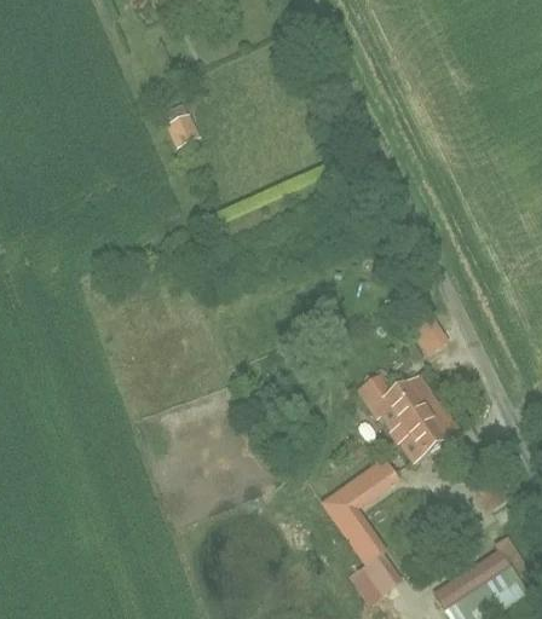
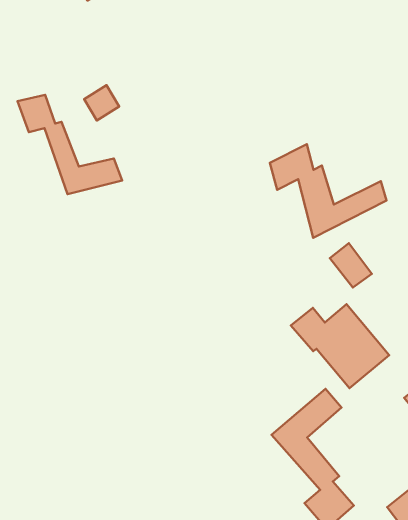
building: none -> [18,95,122,194]
building: none -> [270,144,387,238]

